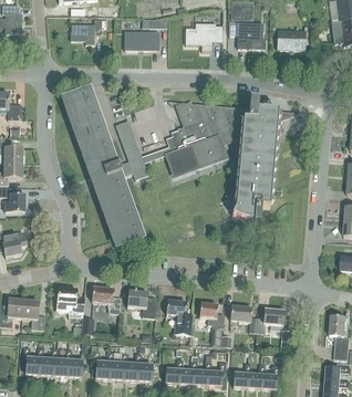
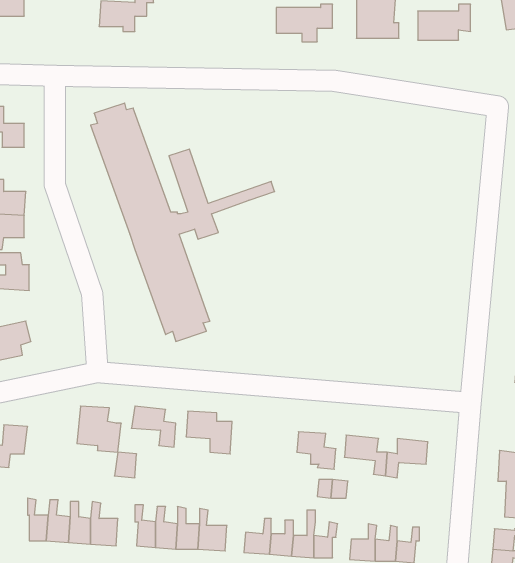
building: [124,31,158,49] -> none
building: [167,100,282,223] -> none
building: [21,300,45,328] -> none
building: [166,300,191,334] -> none

